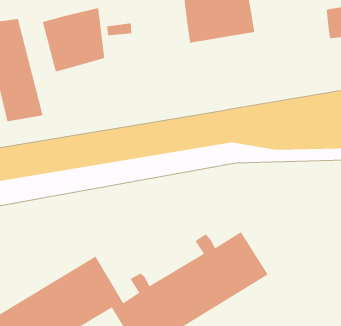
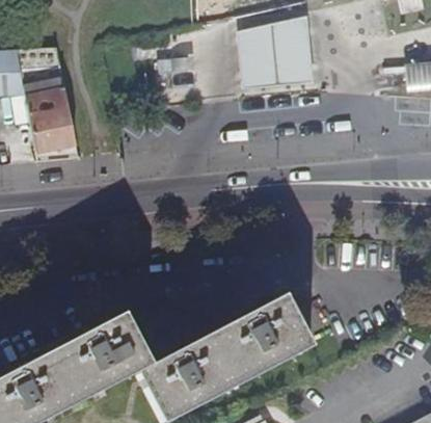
building: [42,7,105,73] -> none

